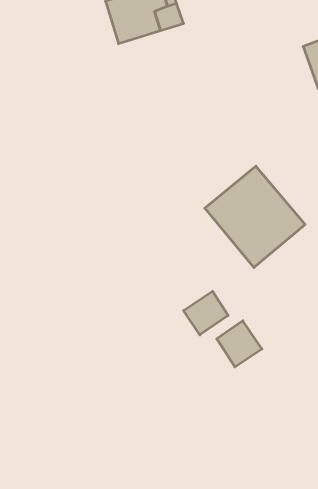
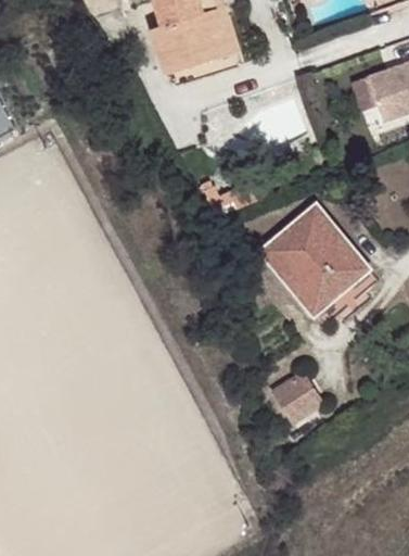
building: [184,291,228,335] -> none

